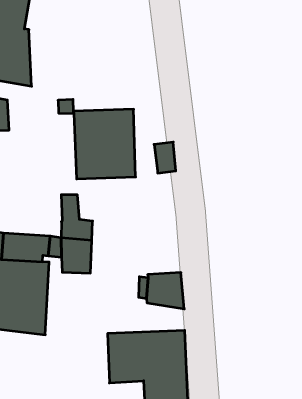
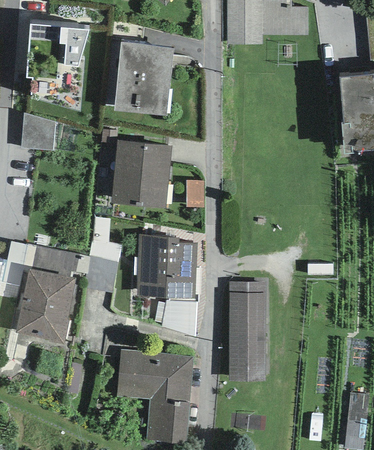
building: none -> [114,41,173,115]
building: none -> [136,234,196,299]
building: none -> [230,281,267,380]

